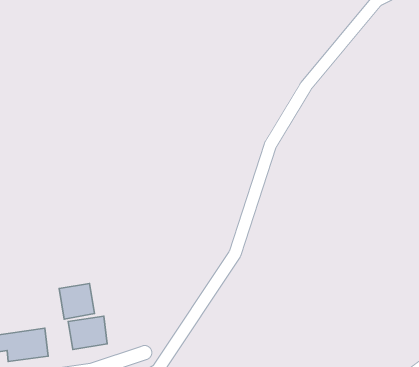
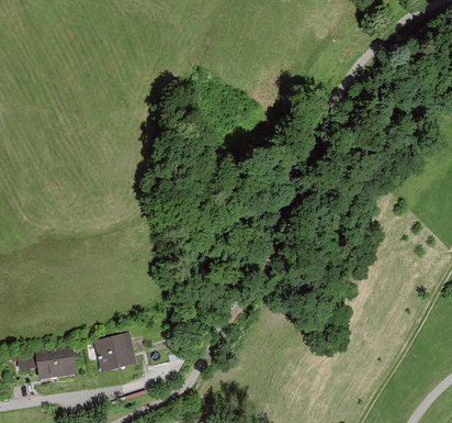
building: [59,283,94,319] -> none

